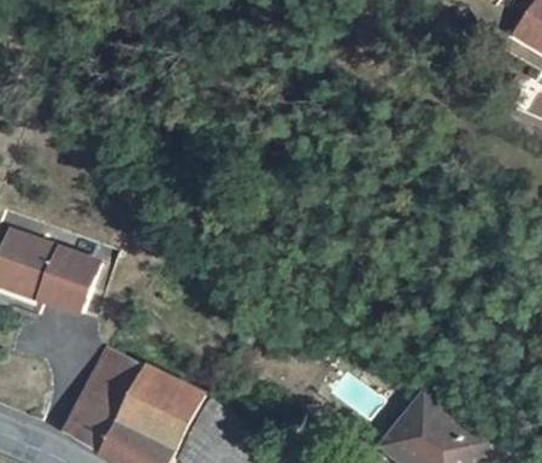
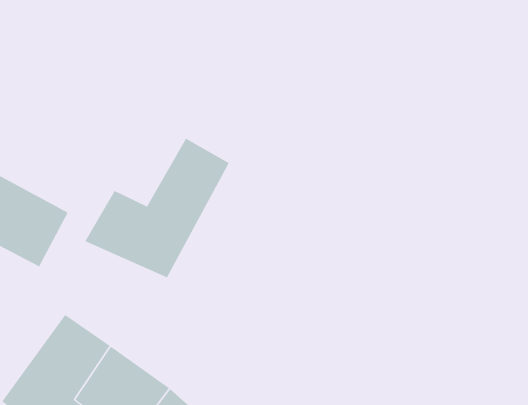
building: none -> [85,138,230,278]

